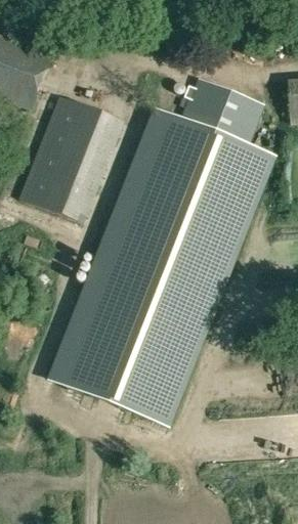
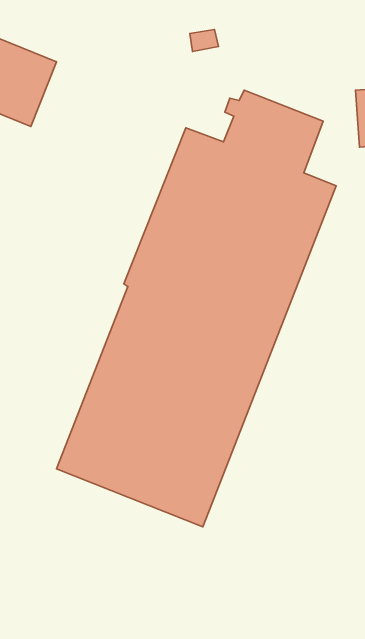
building: [19,96,125,224] -> none

